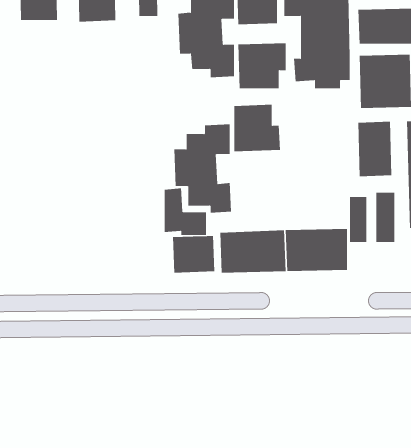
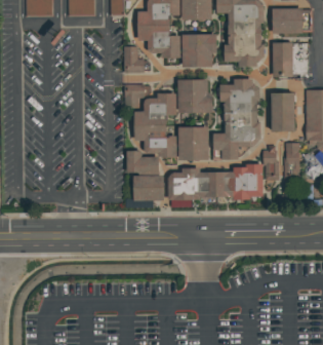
building: none -> [123,46,144,73]
building: none -> [213,79,260,159]
building: none -> [124,83,150,108]
building: none -> [178,126,209,161]

